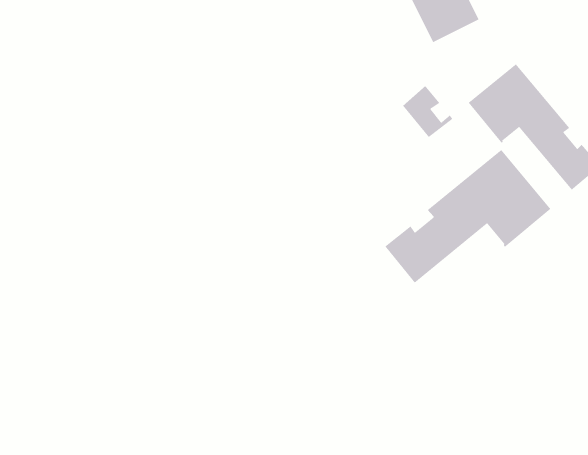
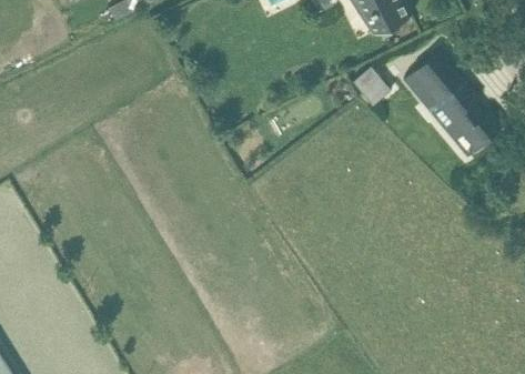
building: [385,149,551,284] -> none

